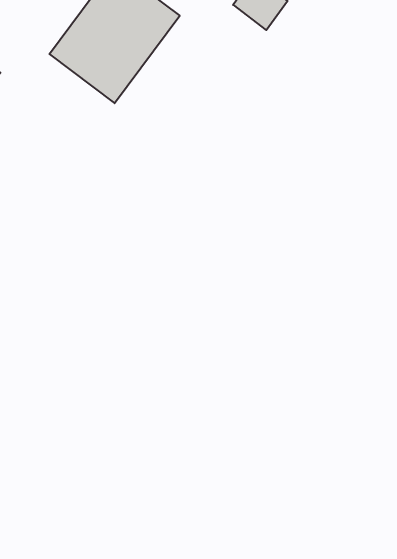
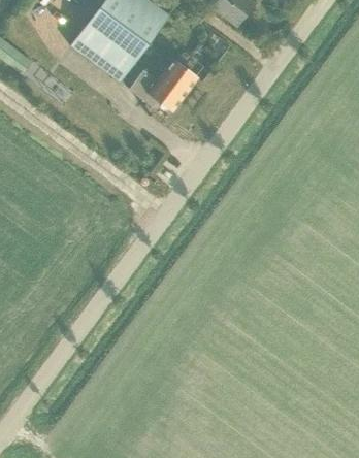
building: none -> [130,59,198,110]

